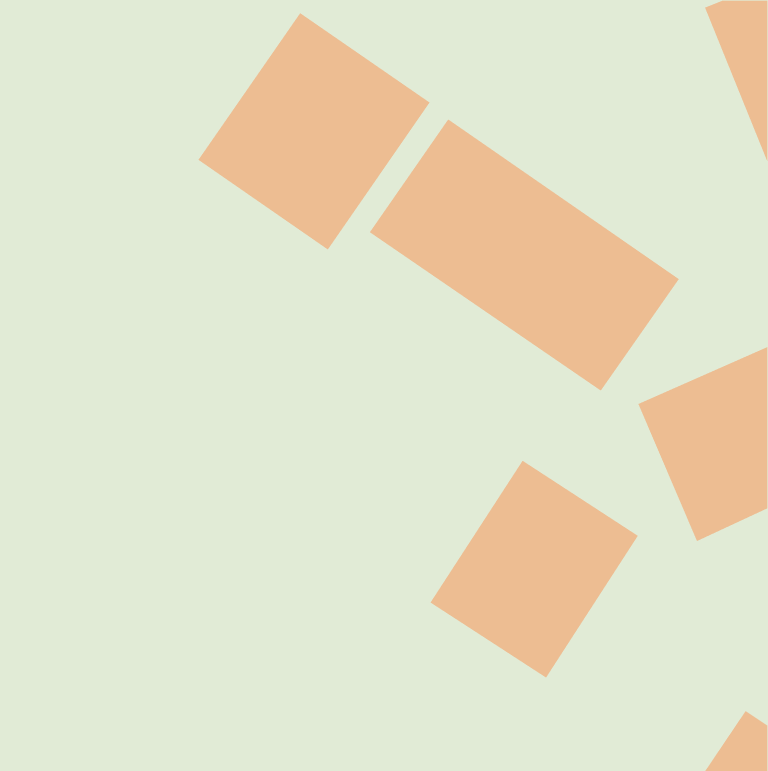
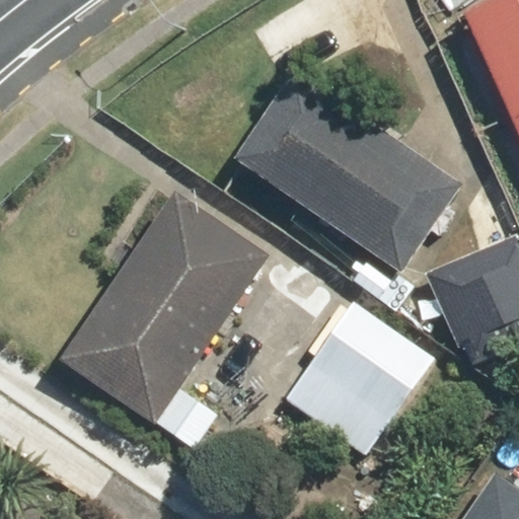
building: [198,12,431,251] -> none
building: none -> [68,195,267,418]

